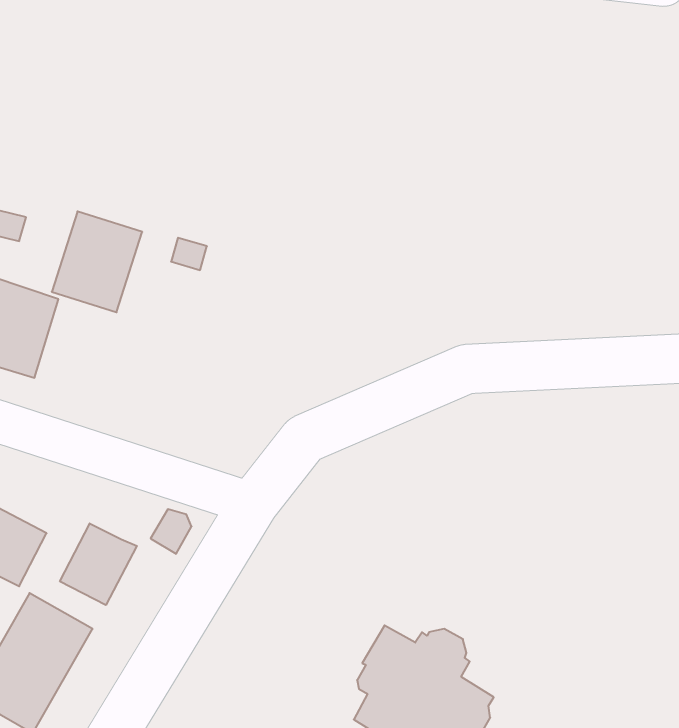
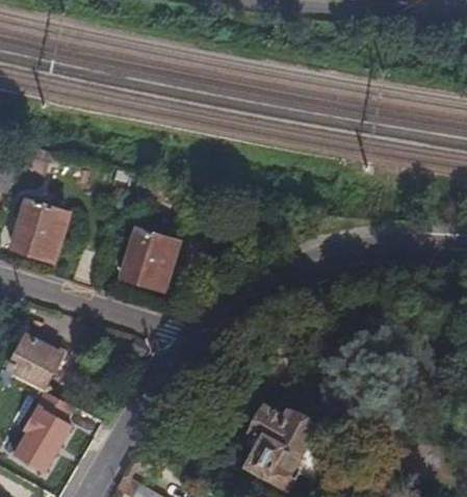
building: [52,211,142,312] -> [120,228,175,289]
building: [60,523,137,605] -> none

